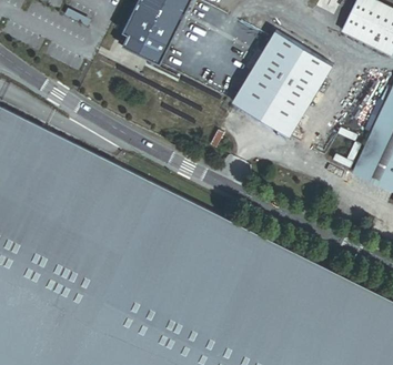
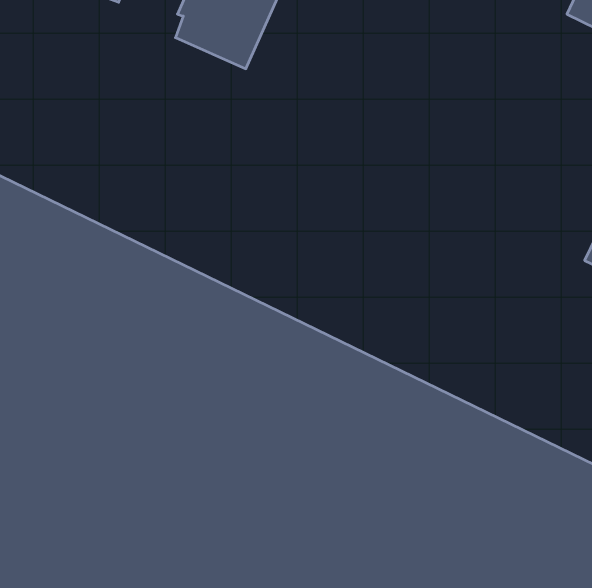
building: [232,31,332,136] -> none

